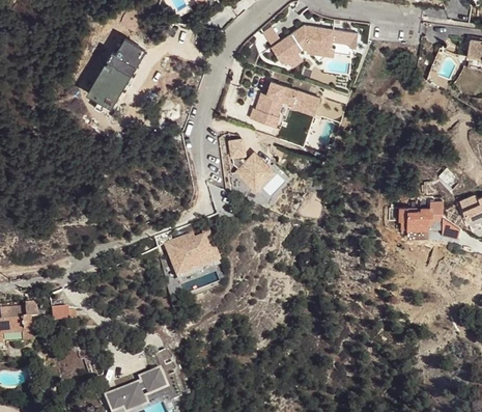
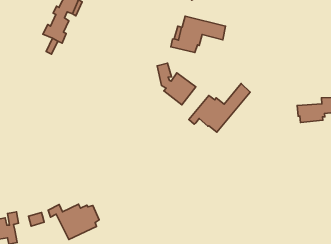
building: none -> [189,84,250,132]
building: [153,231,216,276] -> [48,204,99,240]

